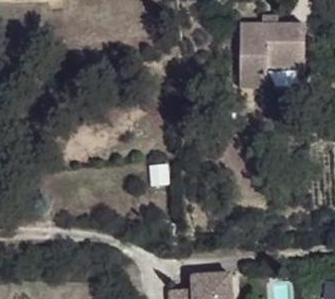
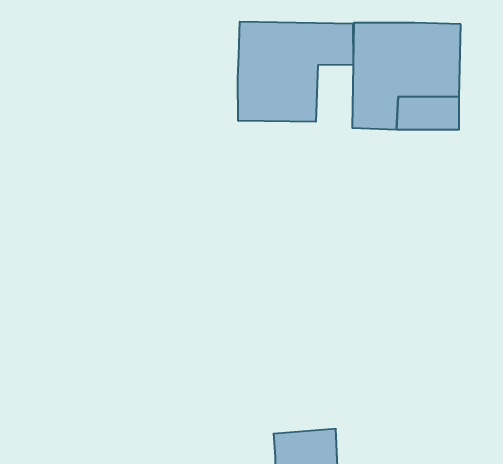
building: none -> [238,22,353,122]

